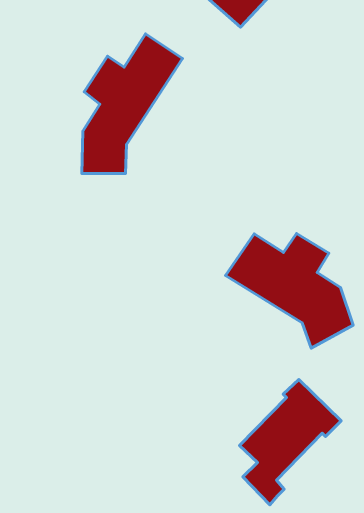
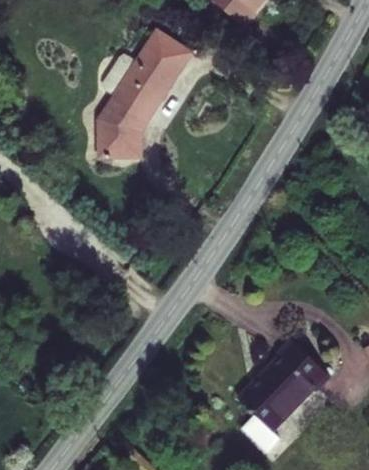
building: [225,234,353,348] -> none

